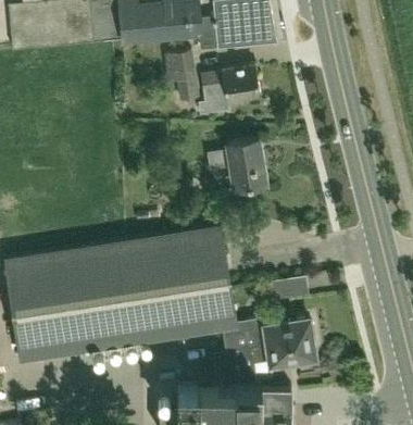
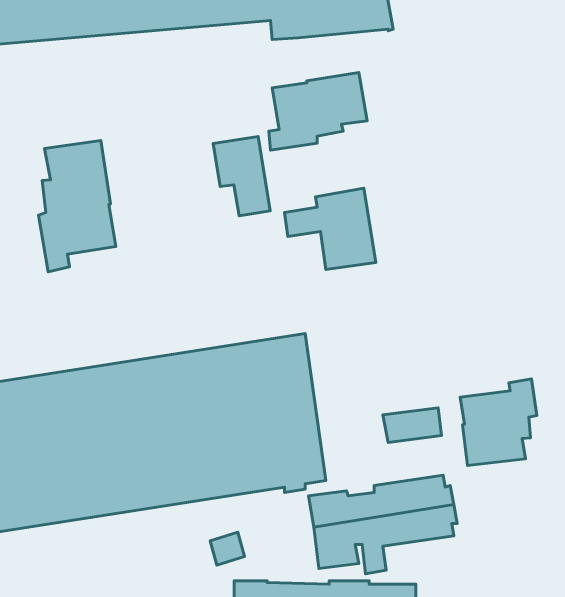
building: [163,50,199,100] -> [213,136,270,216]
building: none -> [38,141,116,272]
building: none -> [460,379,537,466]

